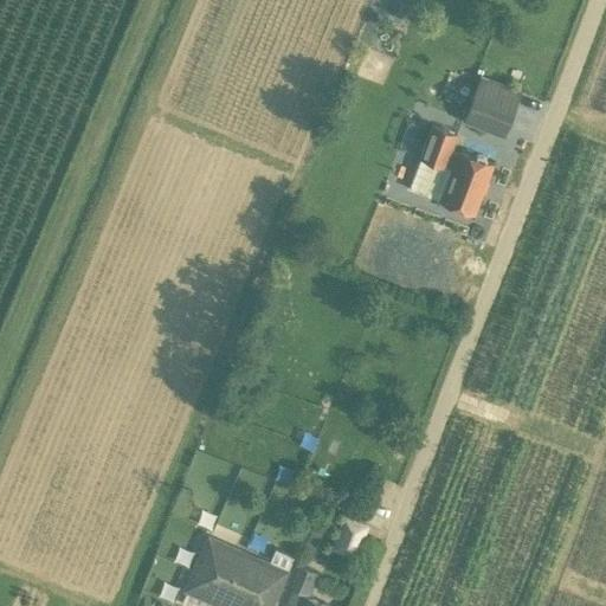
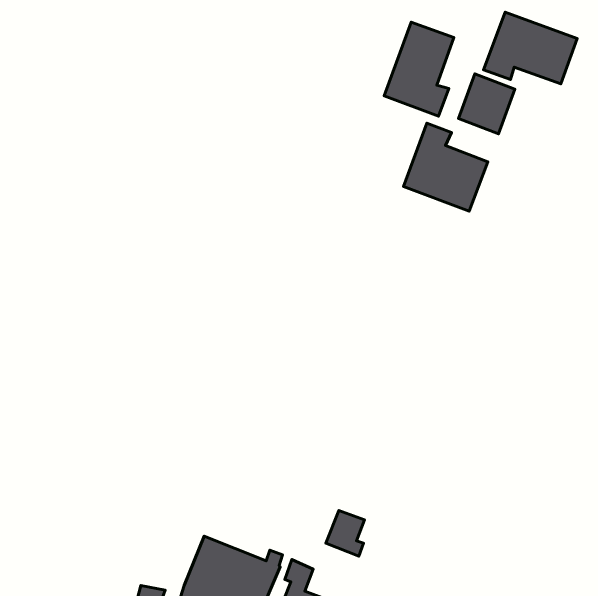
building: none -> [483,12,577,84]
building: none -> [384,22,454,116]

